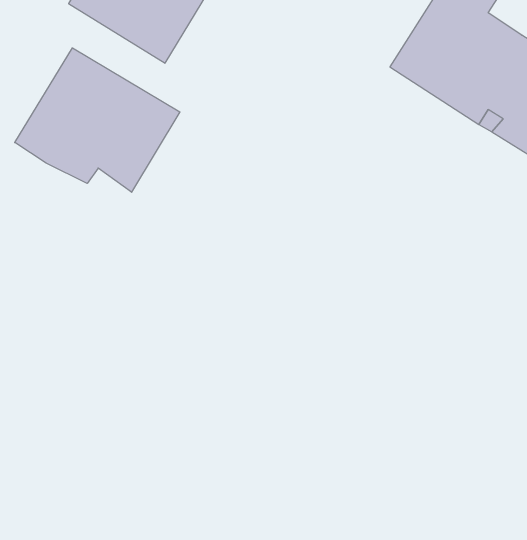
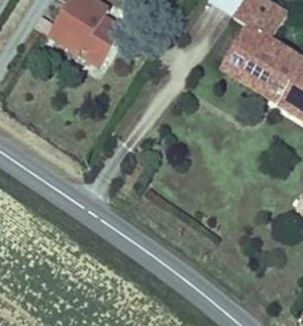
building: [15,48,180,192] -> none

